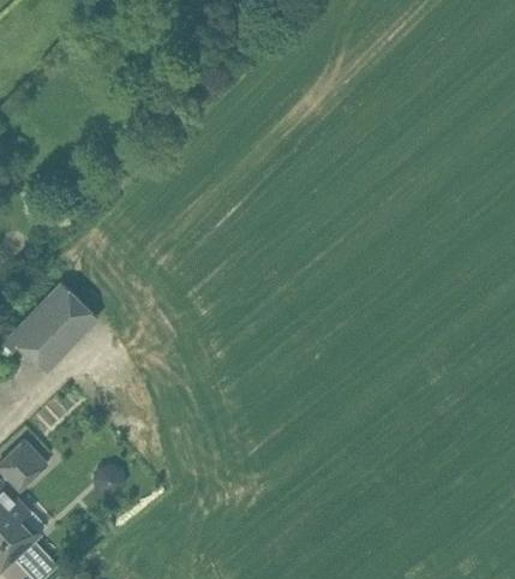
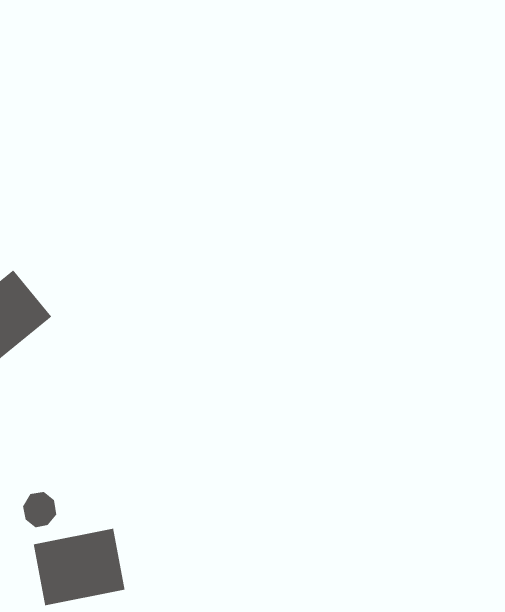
building: none -> [33,528,125,606]

